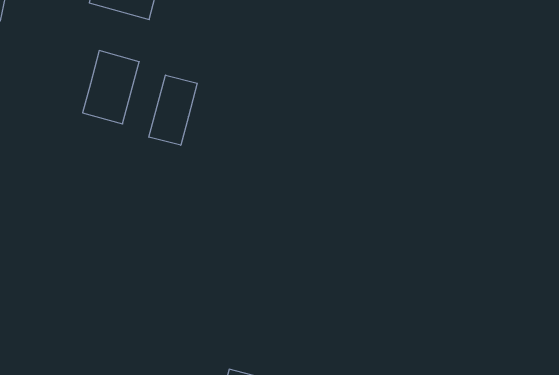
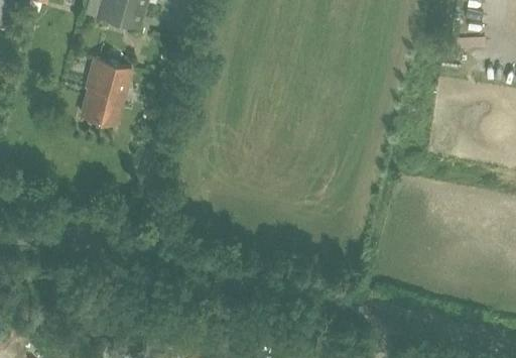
building: [149,75,197,145] -> none

